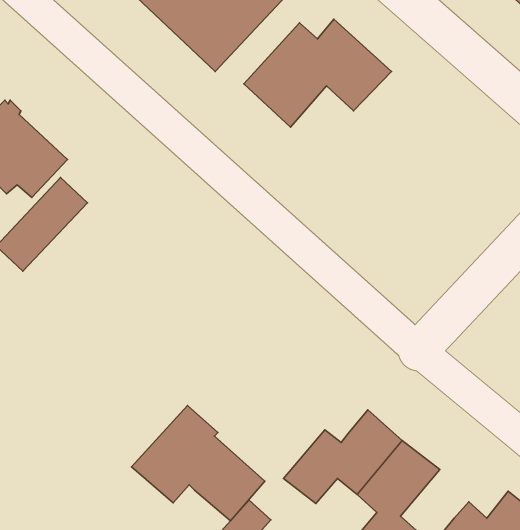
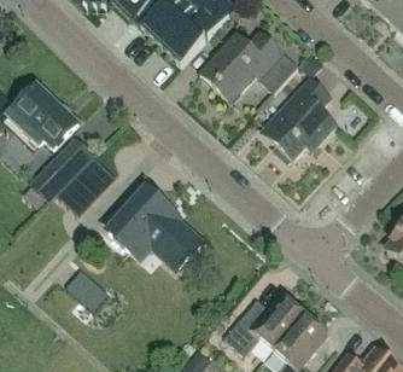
building: none -> [261,76,337,161]
building: none -> [66,269,109,310]
building: [132,405,265,521] -> [111,188,200,266]

